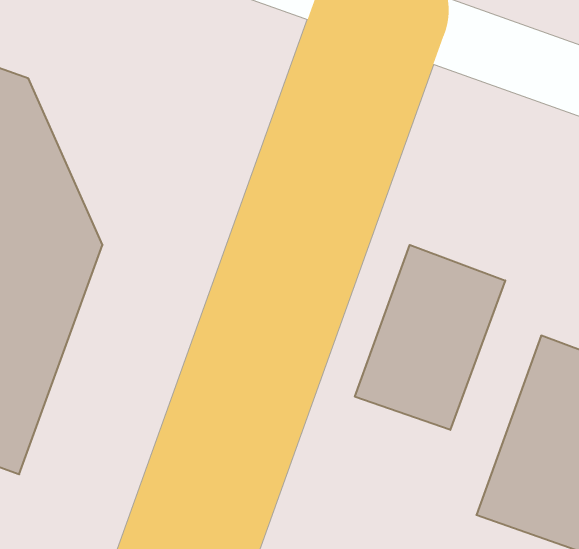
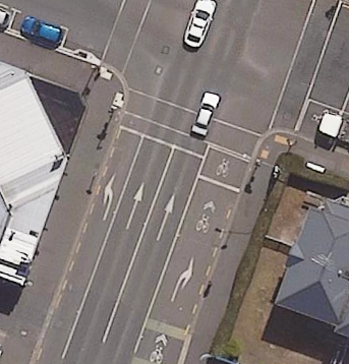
building: [355,245,505,430] -> none

